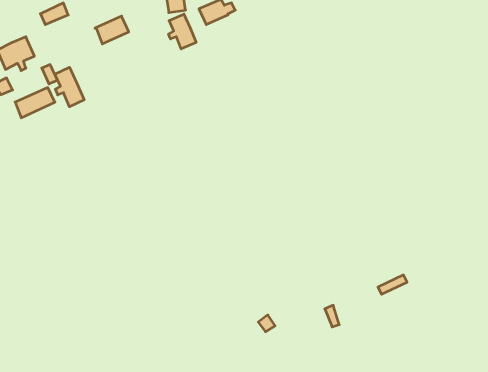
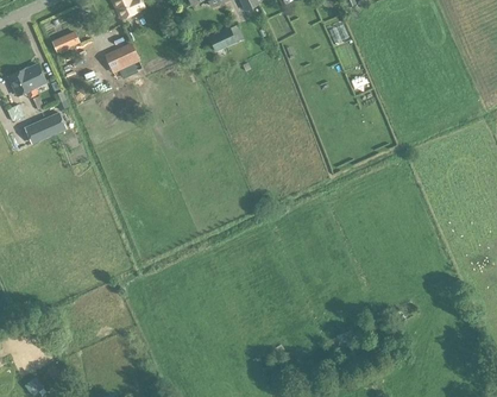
building: [169,14,196,49] -> none
building: [55,67,84,107] -> none

